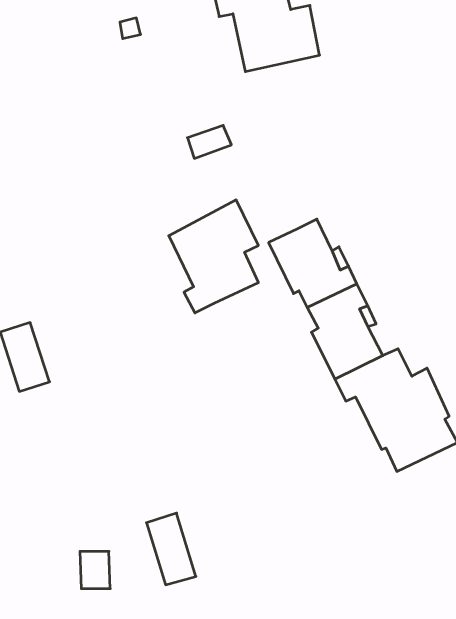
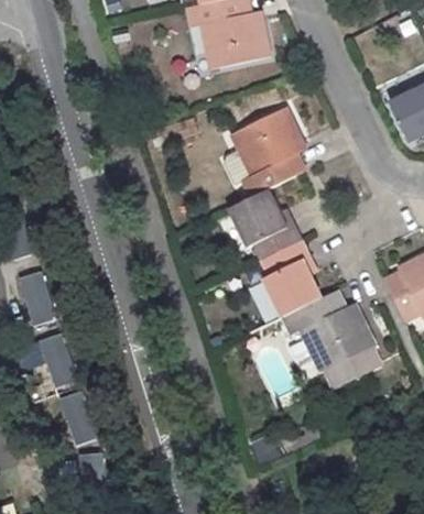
building: [169,200,258,313] -> [232,106,304,196]
building: none -> [35,333,77,390]
building: [146,513,196,585] -> [57,391,97,448]

